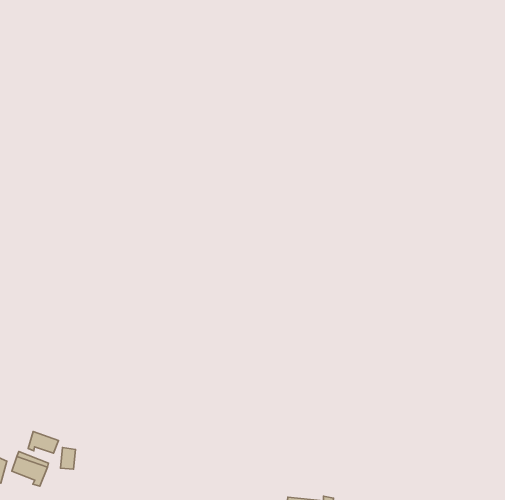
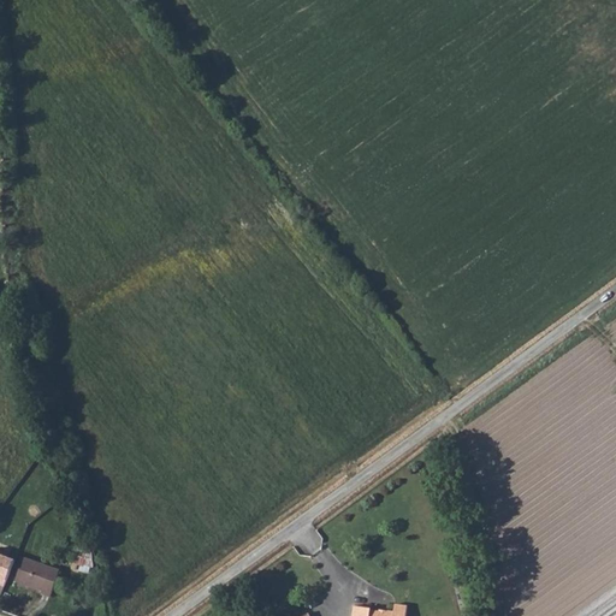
building: [28,432,58,453] -> none

